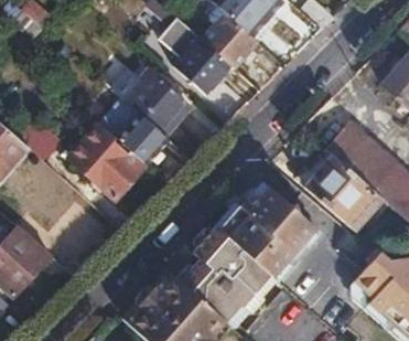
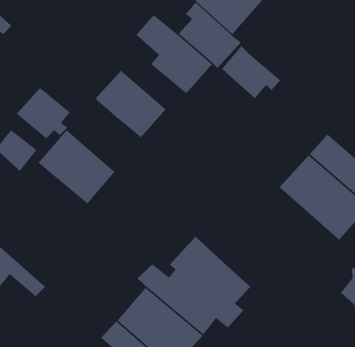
building: none -> [221,45,281,99]
building: [117,113,169,162] -> [16,87,70,139]
building: [217,191,314,278] -> none

